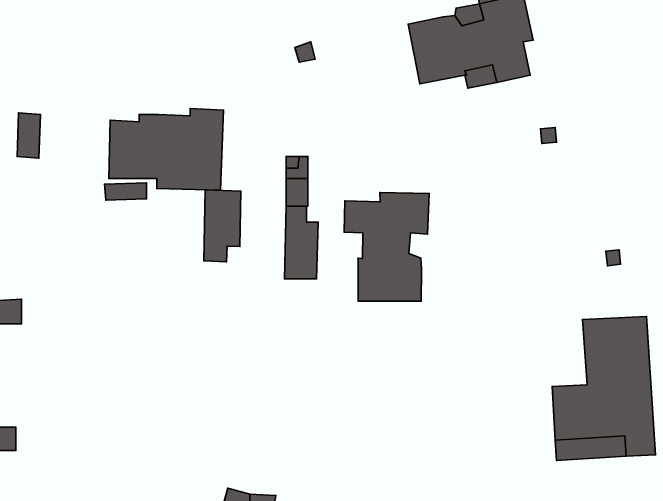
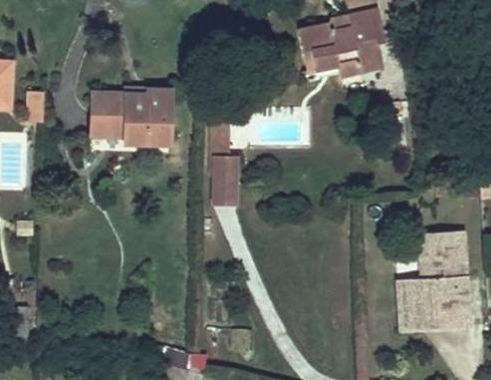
building: [204,190,241,262] -> none
building: [344,192,429,301] -> none

